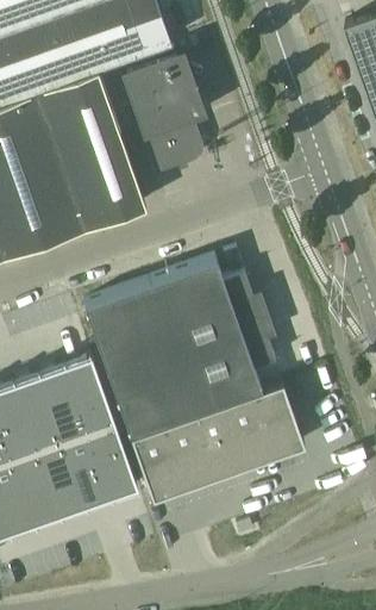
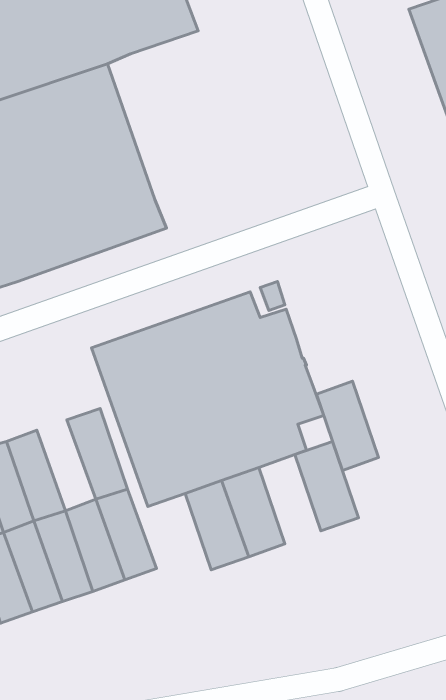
building: [115,44,206,176] -> none
building: [38,366,87,441] -> none
building: [221,394,272,468] -> [316,381,378,470]
building: [130,427,182,500] -> none

